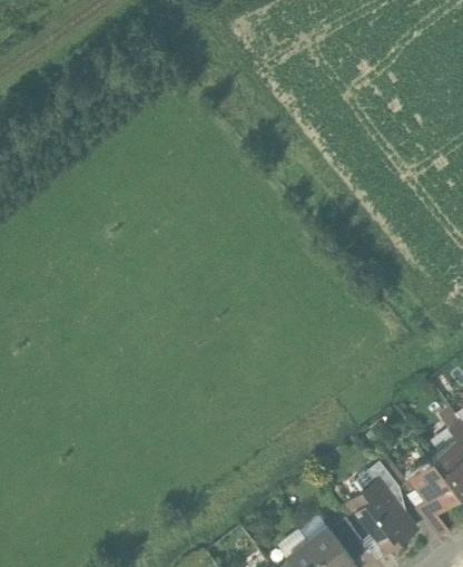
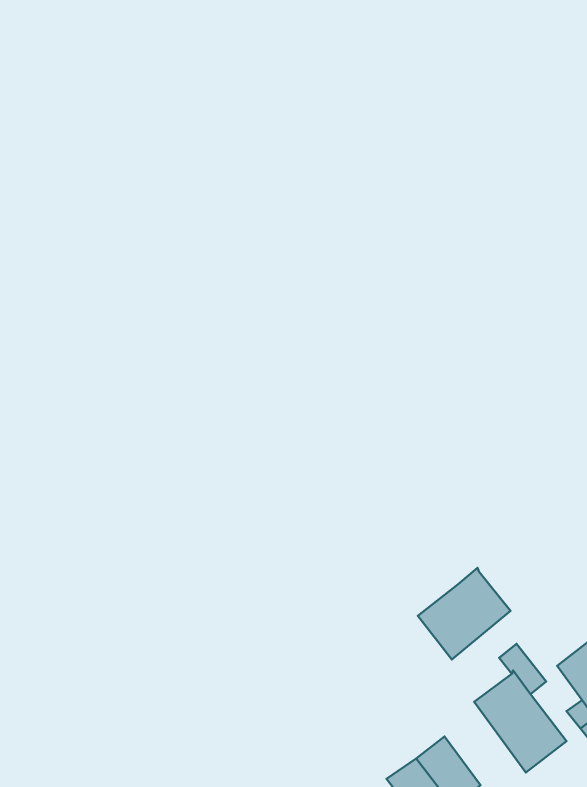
building: none -> [418,568,510,659]

